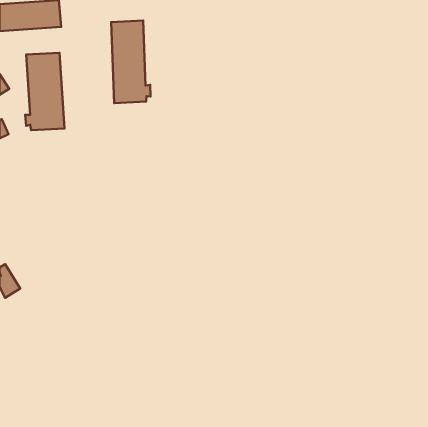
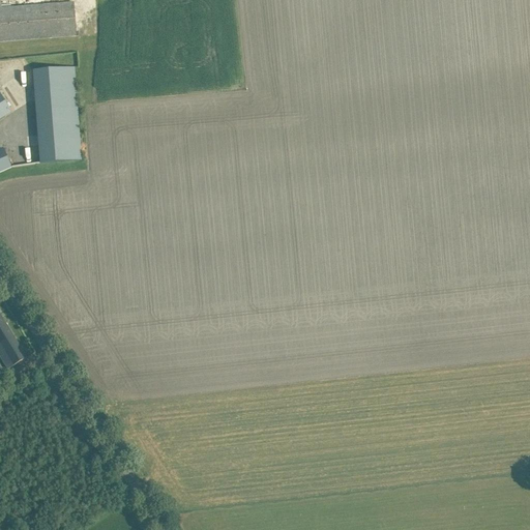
building: [111,21,150,103] -> none

